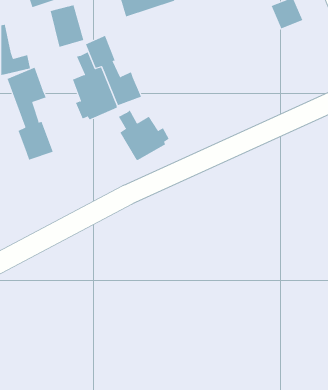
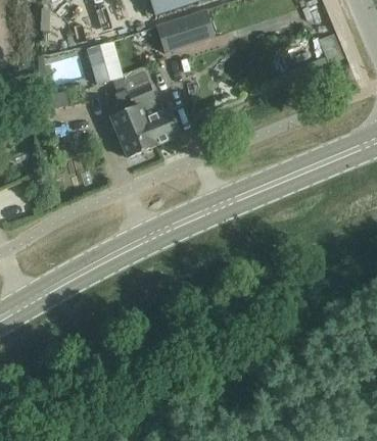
building: [7,67,53,161] -> none
building: [118,110,170,161] -> none

